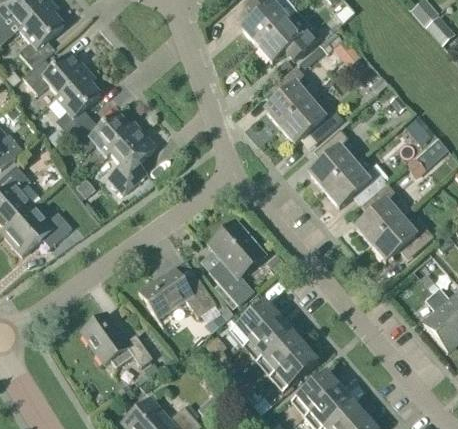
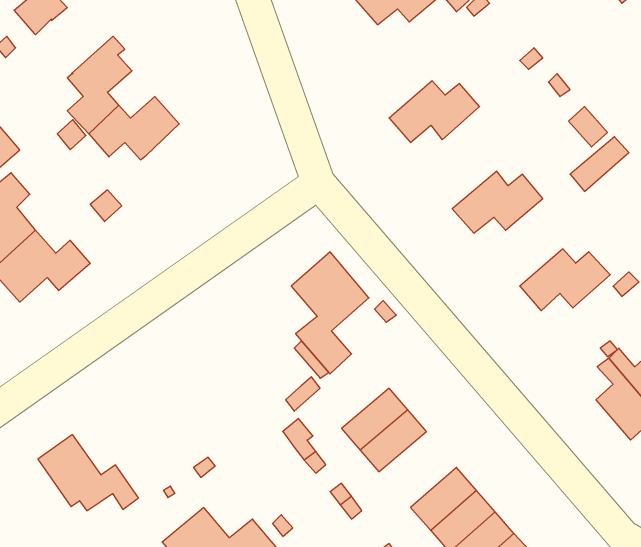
building: [23,51,88,96] -> none
building: [265,66,311,127] -> none
building: [109,127,156,193] -> none
building: [309,129,355,190] -> none
building: [356,183,402,244] -> none
building: [139,268,217,320] -> none
building: [234,300,280,343] -> none
building: [82,314,152,367] -> [38,435,138,511]
building: [273,345,319,389] -> none

